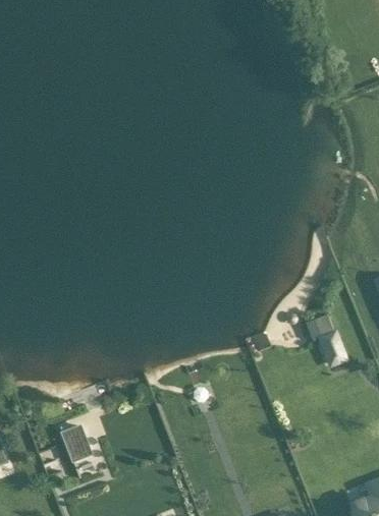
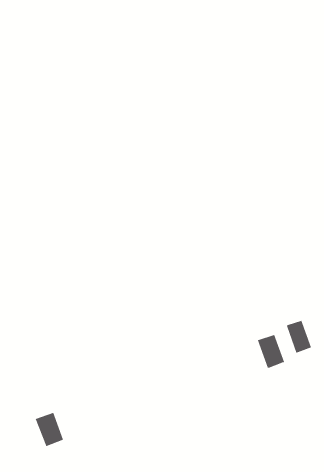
building: none -> [257,334,285,369]

